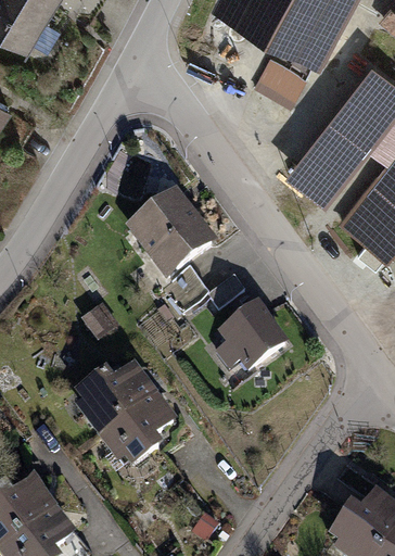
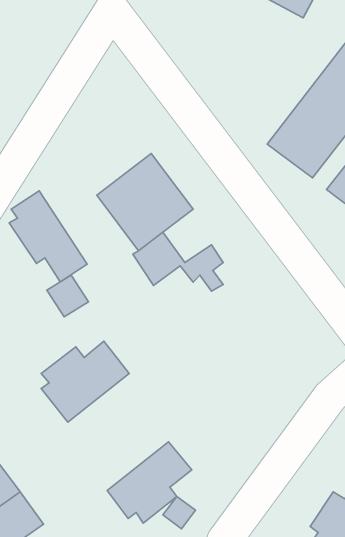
building: [253,55,305,103] -> none
building: none -> [9,191,87,282]
building: [215,300,289,369] -> none
building: [99,394,178,470] -> [107,442,192,523]

